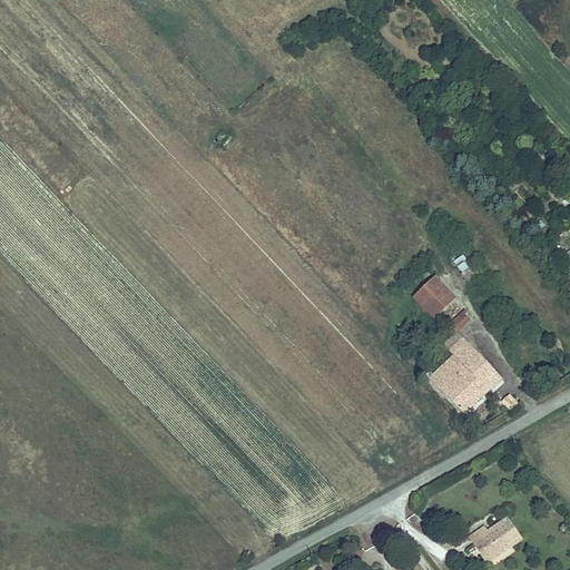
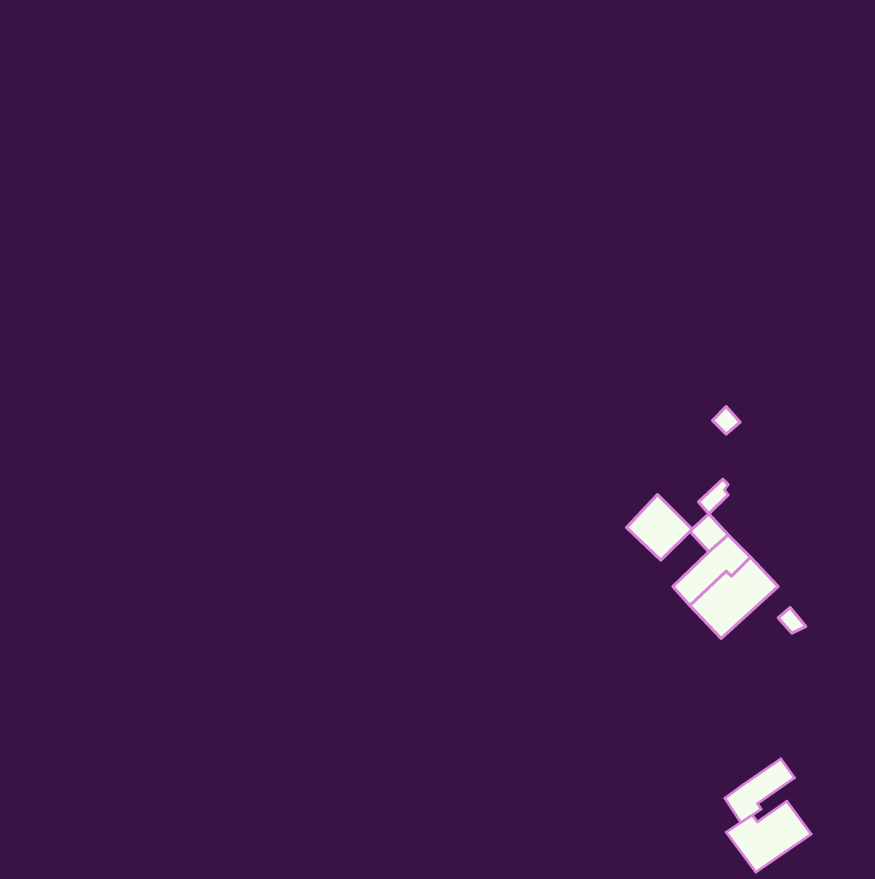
building: [413,276,455,318] -> [626,494,692,560]
building: none -> [725,759,795,822]

